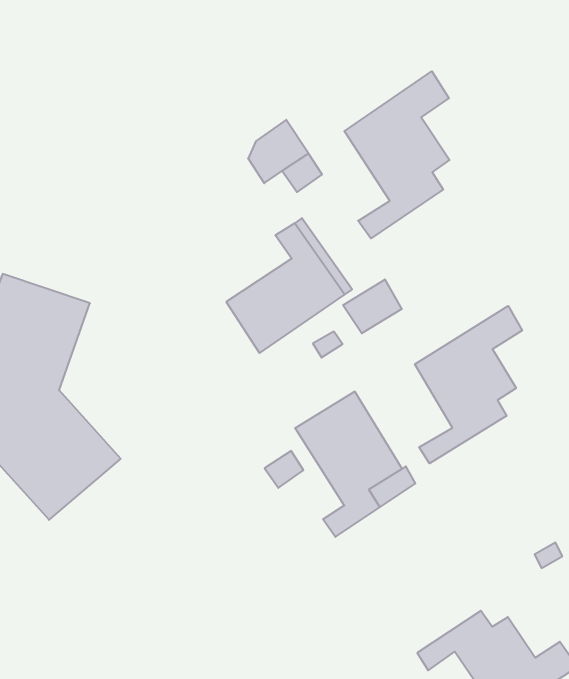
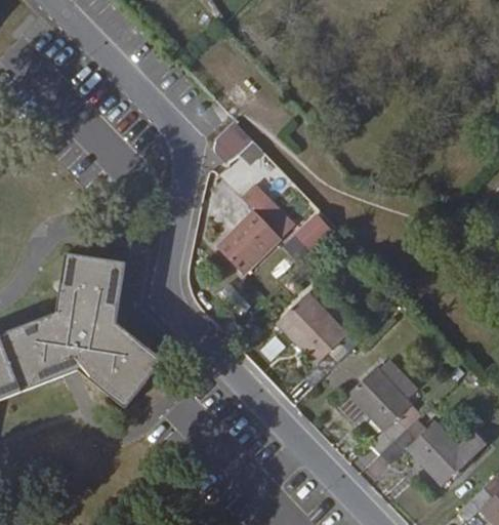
building: [344,71,449,238] -> none
building: [415,306,522,463] -> none
building: none -> [337,366,423,453]

